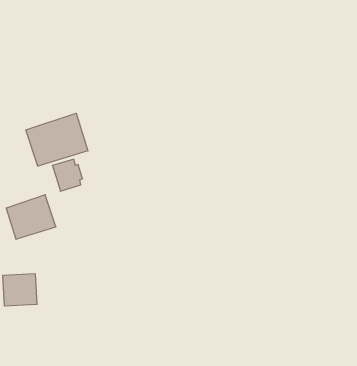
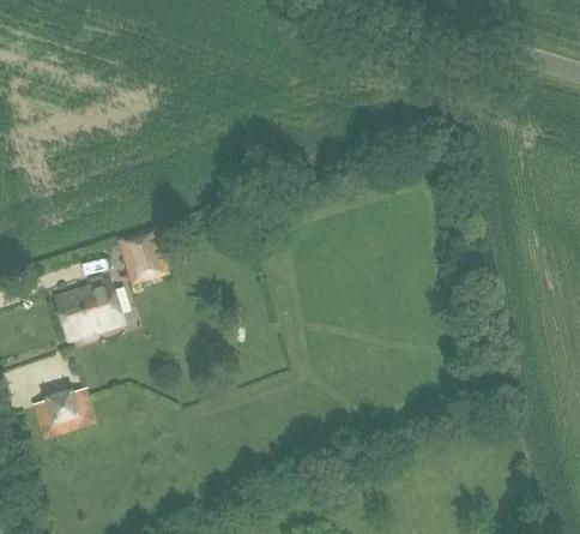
building: [26,113,88,166] -> none

